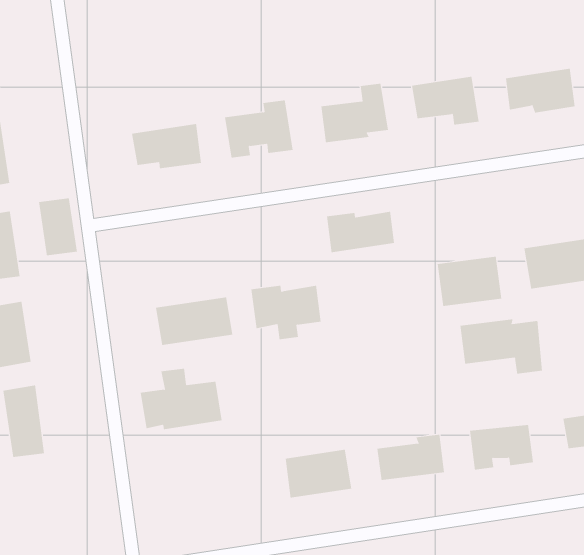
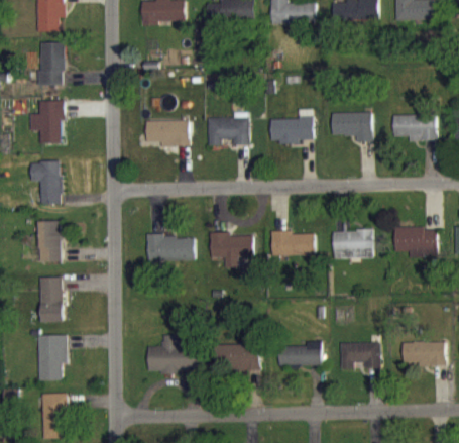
building: [38,197,78,256] -> none
building: [326,211,395,253] -> [271,231,314,255]
building: [460,318,543,375] -> none
building: [140,368,223,430] -> [146,335,198,373]
building: none -> [38,335,67,380]

